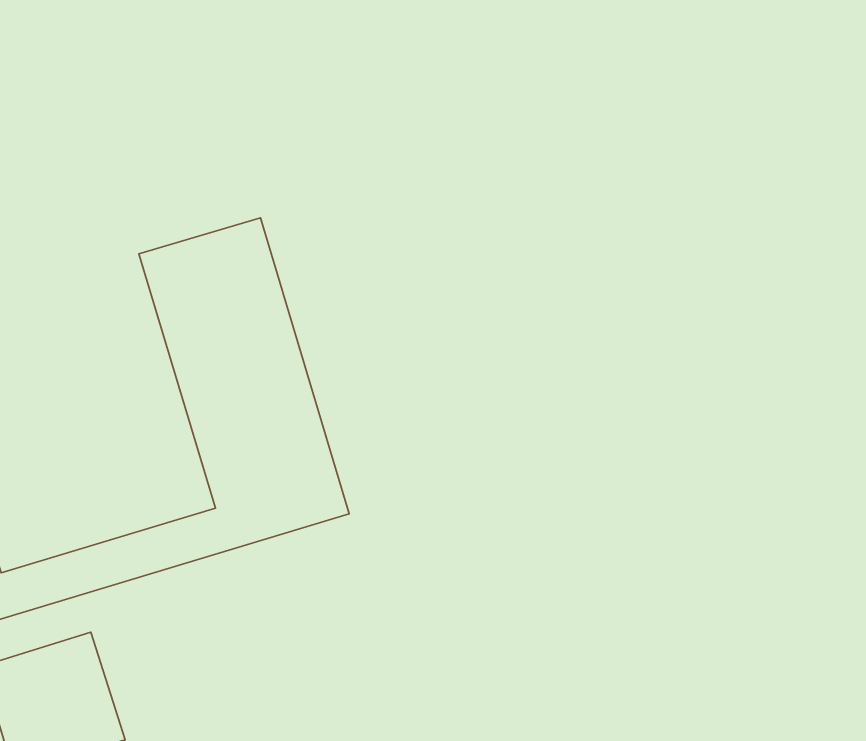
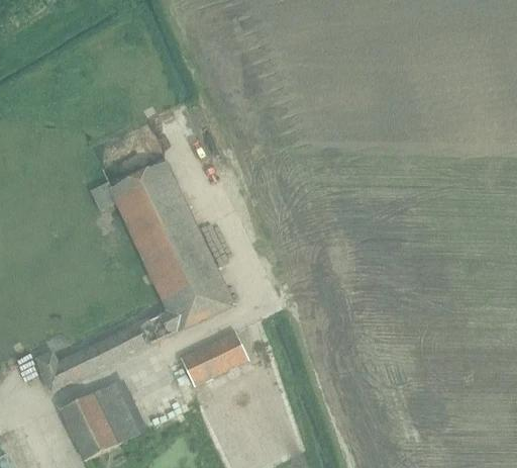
building: none -> [180,331,245,383]

